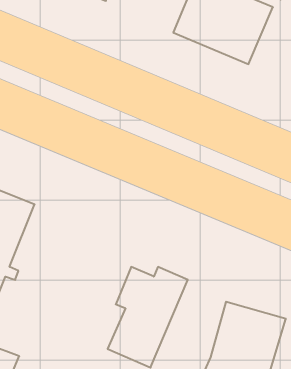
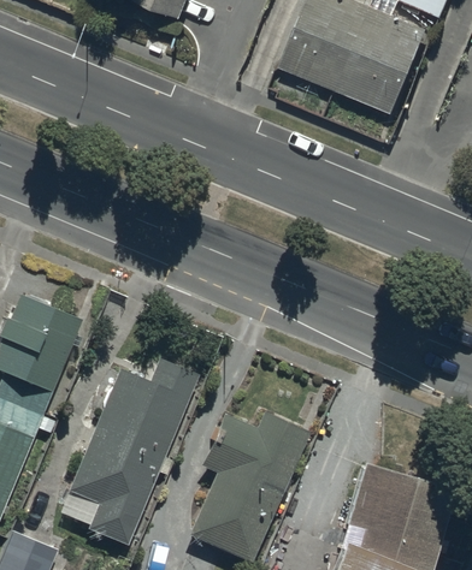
building: none -> [60,361,196,547]

